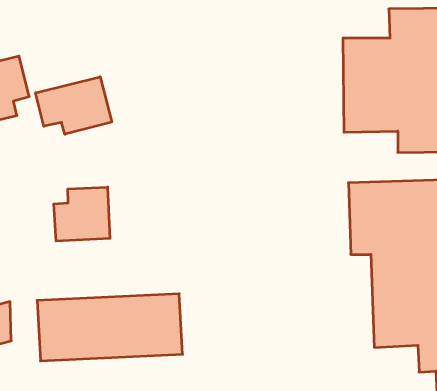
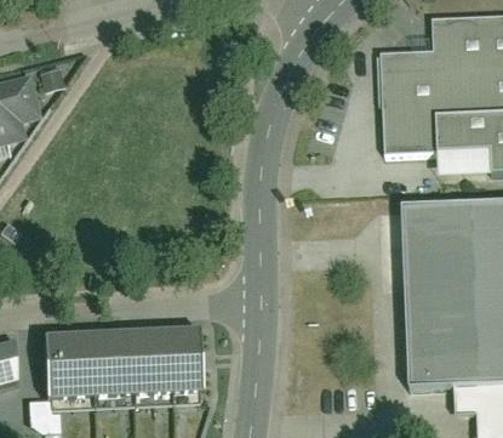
building: [36,77,112,134] -> none
building: [54,187,110,241] -> none

